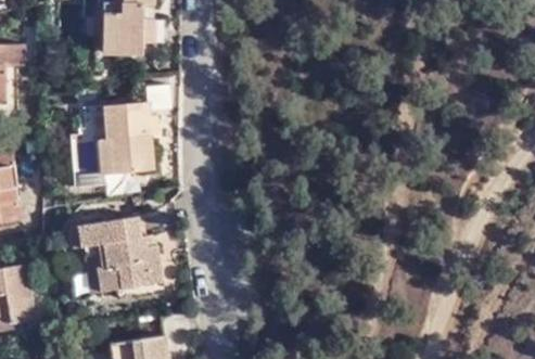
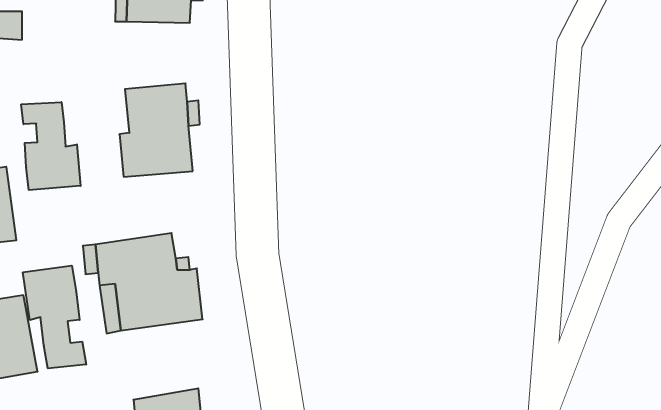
building: none -> [21,102,81,190]
building: none -> [23,266,86,368]

